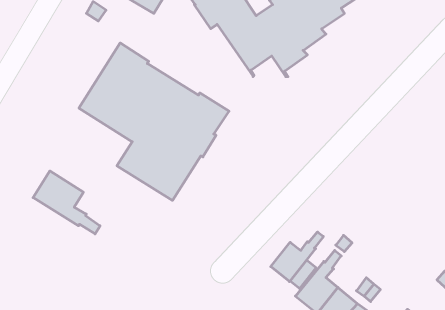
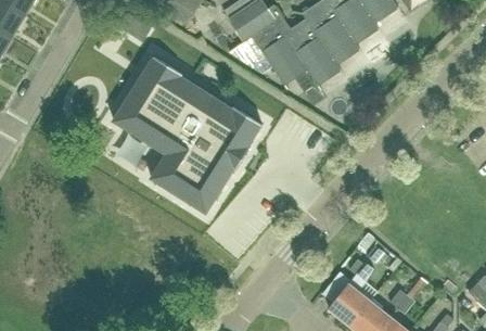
building: [33,171,100,234] -> none
building: [271,232,323,282] -> none

